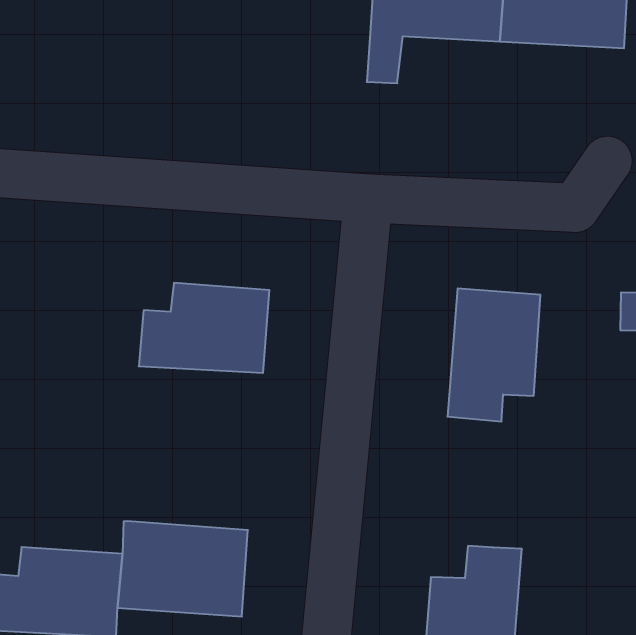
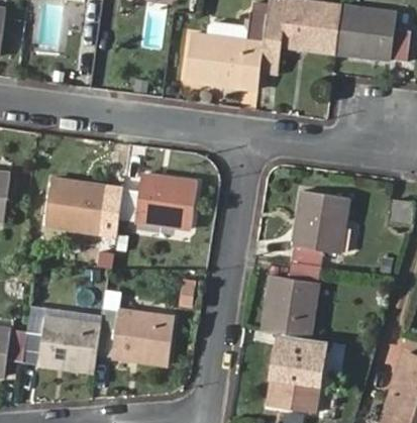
building: none -> [185,32,263,87]
building: none -> [46,179,123,233]
building: none -> [262,261,320,337]

